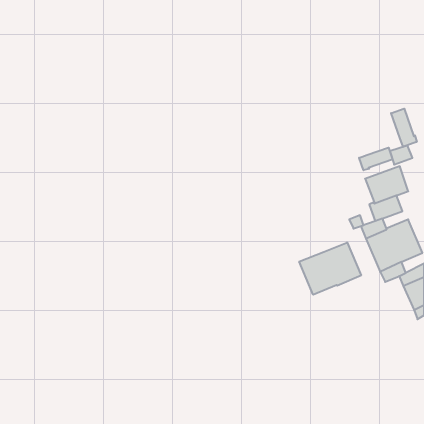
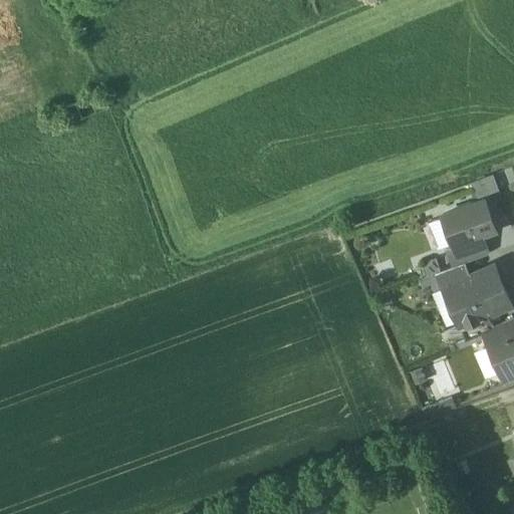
building: [391,109,417,147] -> none
building: [359,148,393,170] -> none
building: [299,242,361,295] -> none

